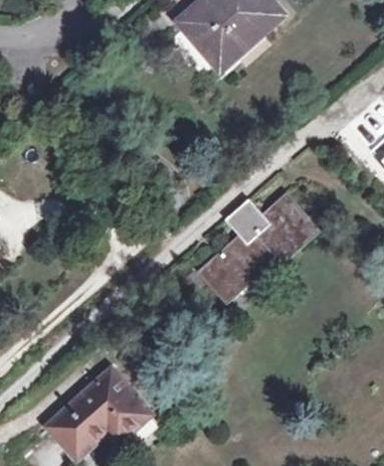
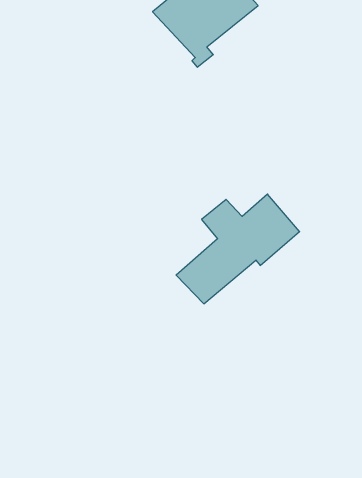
building: [47,368,151,458] -> none

